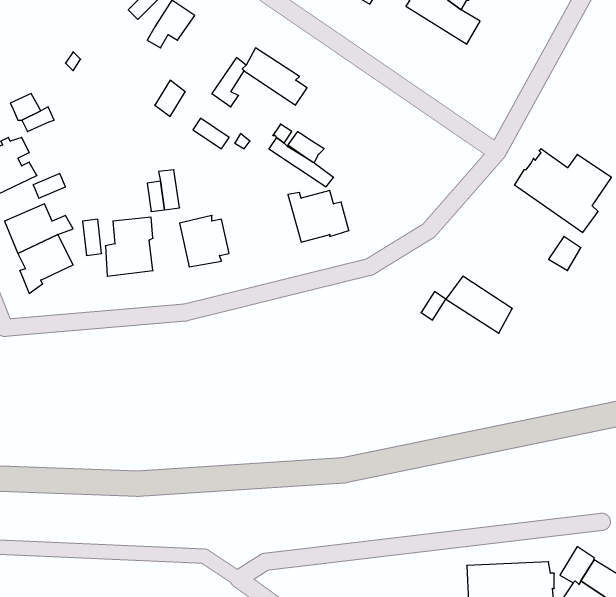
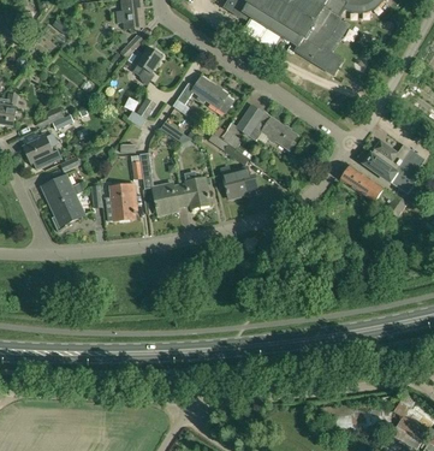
building: none -> [236,103,297,152]
building: none -> [178,177,210,207]
building: [446,276,512,333] -> [340,165,382,201]

